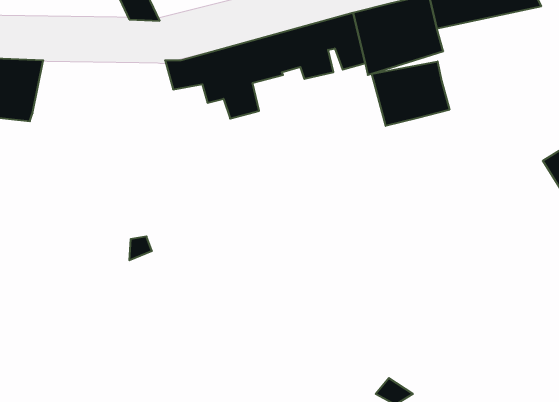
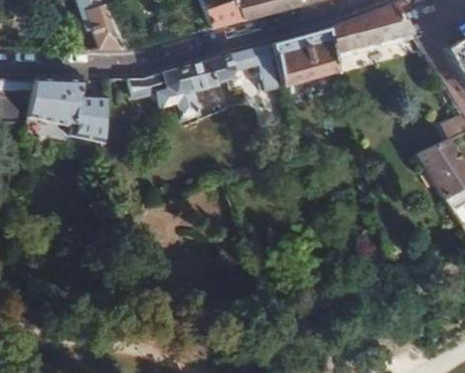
building: none -> [29,78,108,138]
building: [372,61,449,126] -> none

